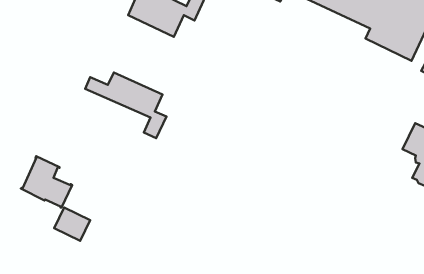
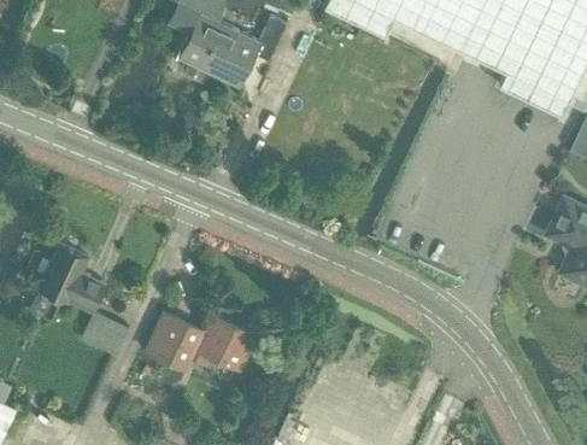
building: [85,72,166,138] -> none
building: none -> [149,314,259,373]

